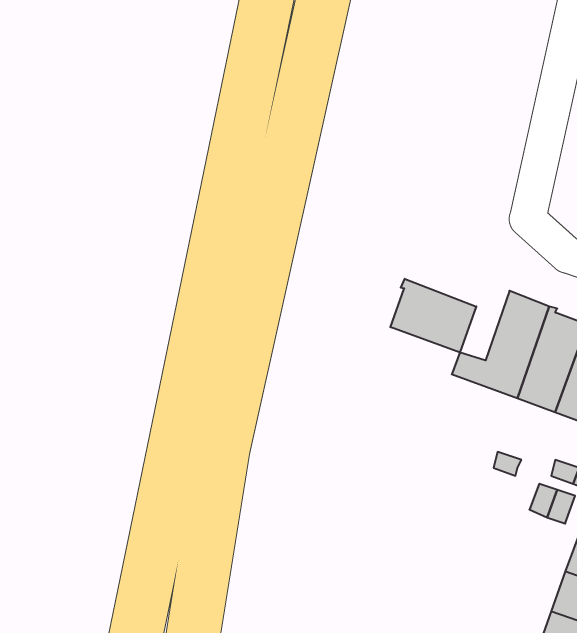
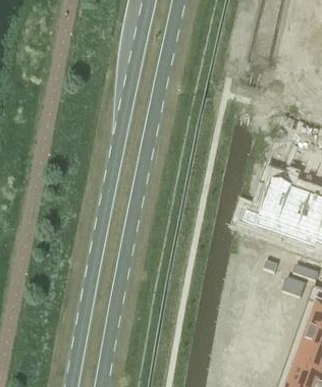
building: [390,279,476,352] -> none

